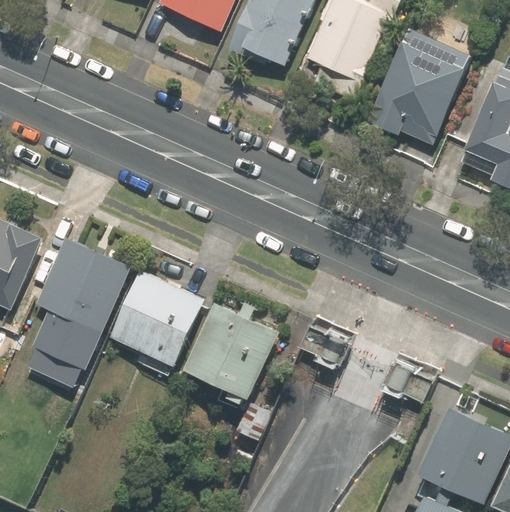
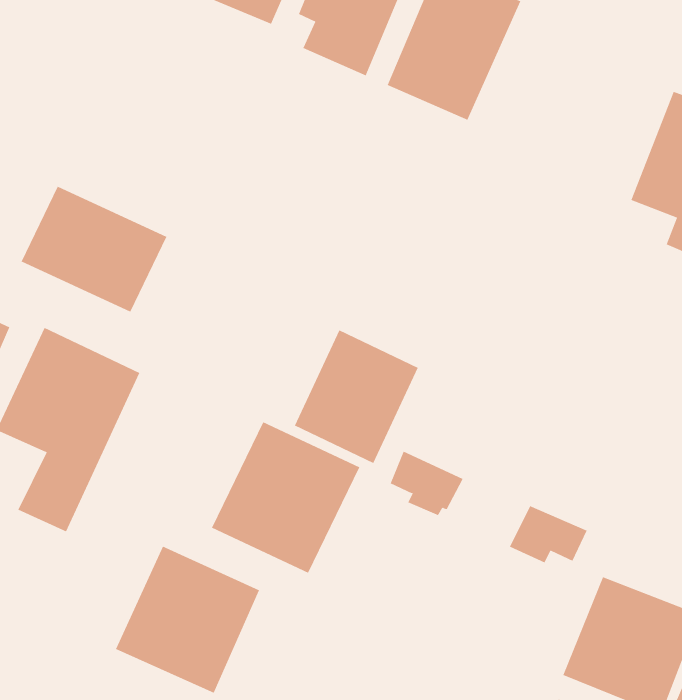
building: [367,30,471,145] -> none
building: none -> [21,186,167,313]
building: none -> [294,329,418,464]
building: [107,268,205,368] -> [115,546,260,693]

